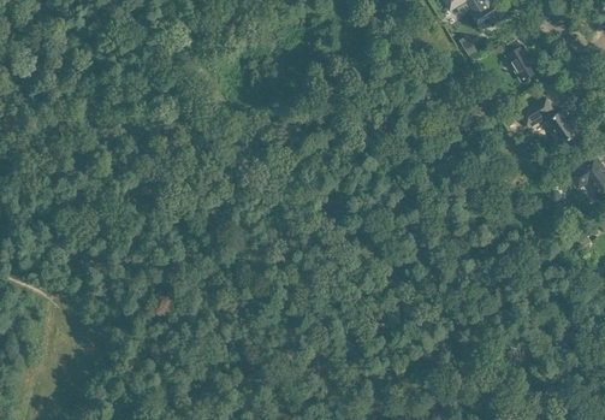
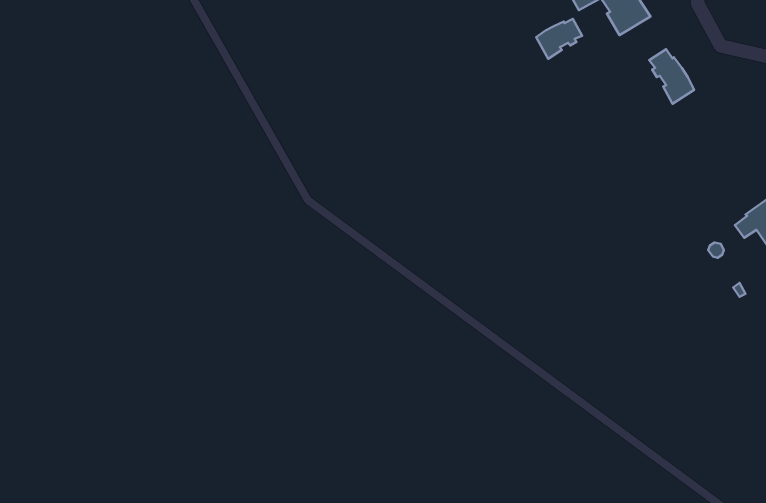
building: none -> [536,19,582,59]
building: [522,97,581,146] -> none

